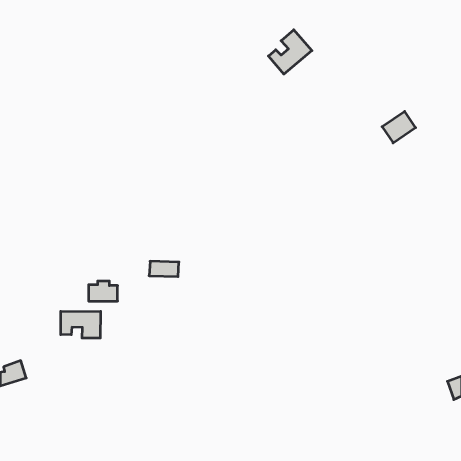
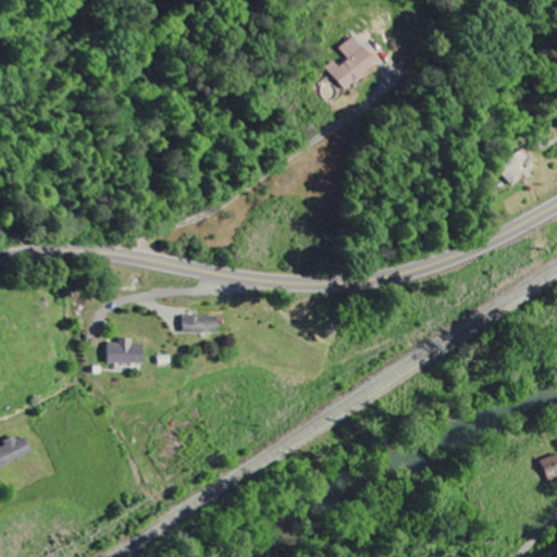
building: [382,111,416,143] -> [496,148,536,186]
building: [61,311,101,338] -> none

